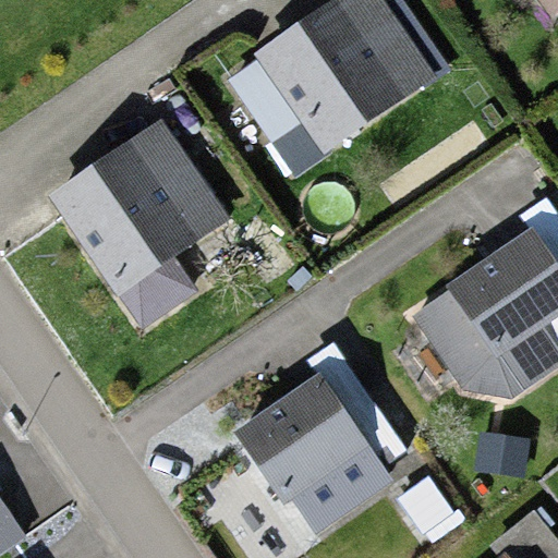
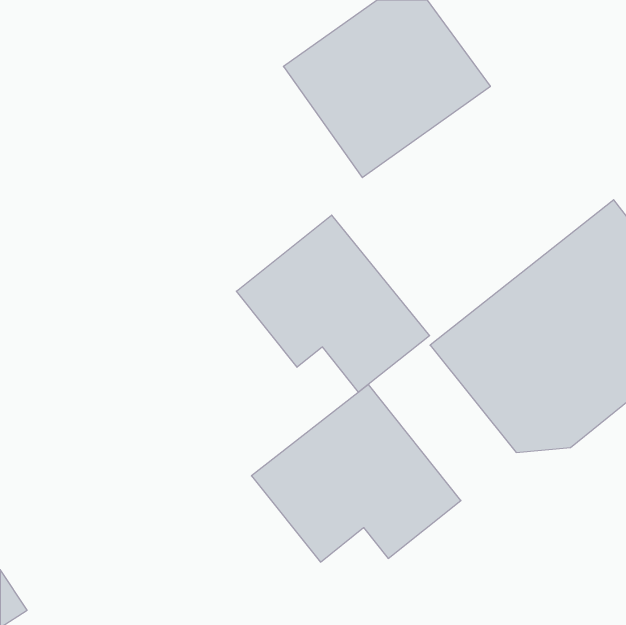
building: [48,123,239,306] -> none
building: none -> [236,215,430,392]

